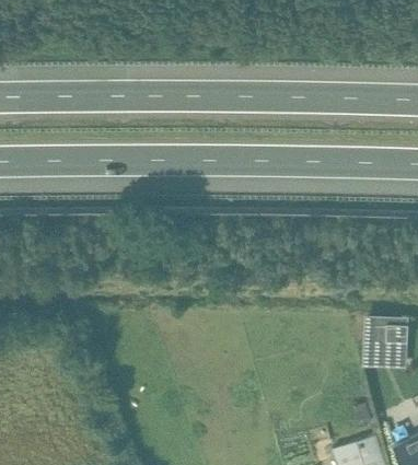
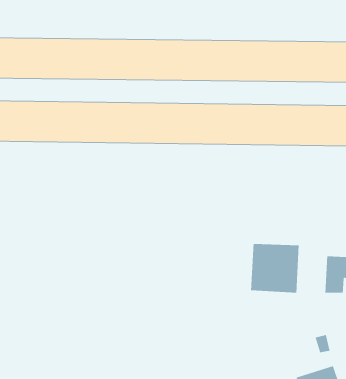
building: none -> [250,243,300,293]

